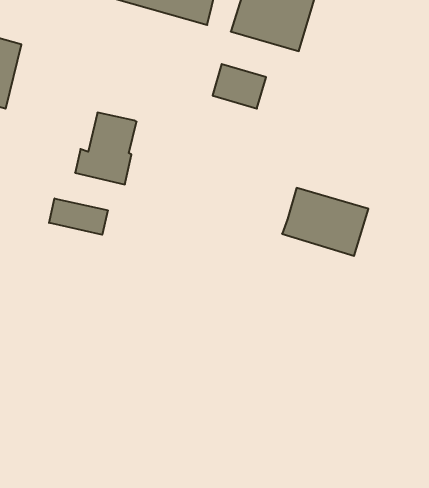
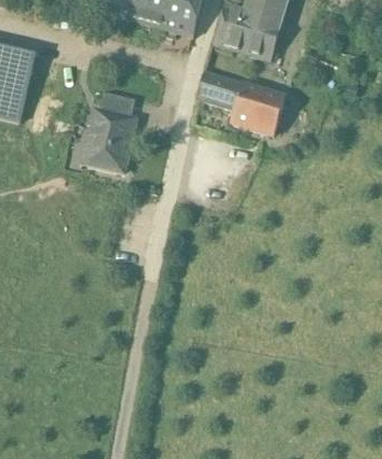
building: none -> [99,93,134,118]
building: [282,188,368,256] -> [230,82,303,139]
building: [49,198,108,235] -> none

